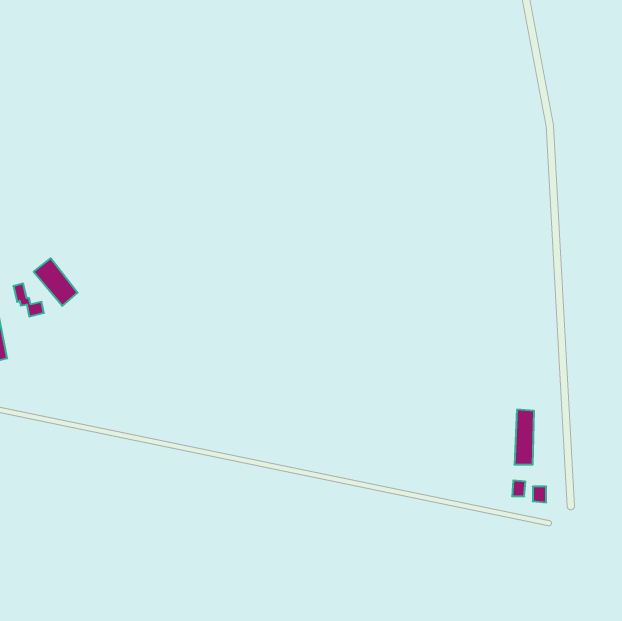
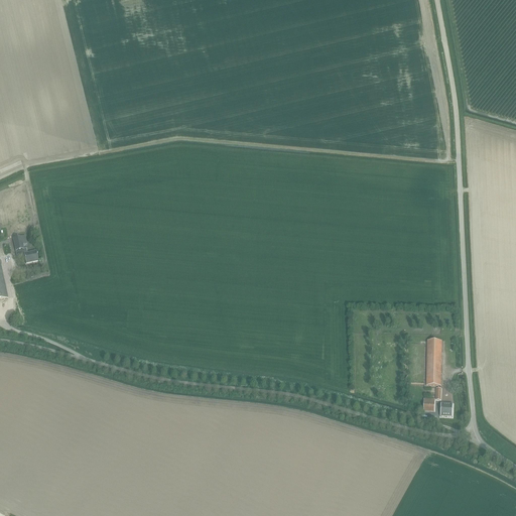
building: [34,258,78,306] -> none

